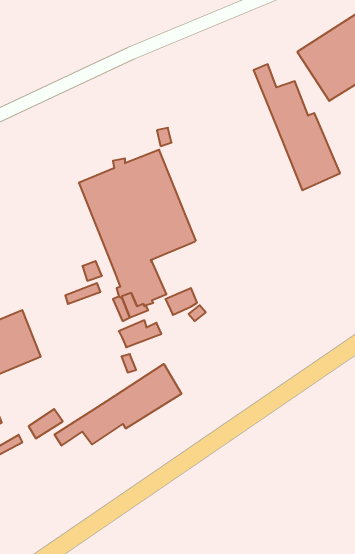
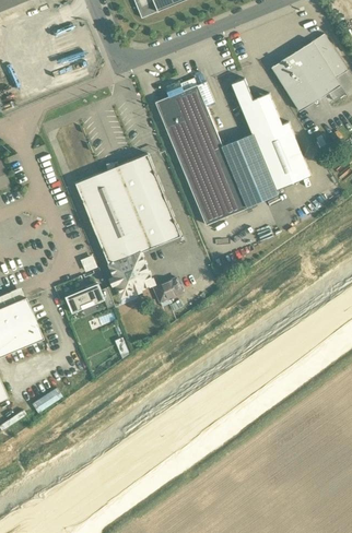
building: none -> [155,80,278,225]
building: [119,320,161,347] -> [66,287,104,311]
building: [55,364,181,446] -> none

